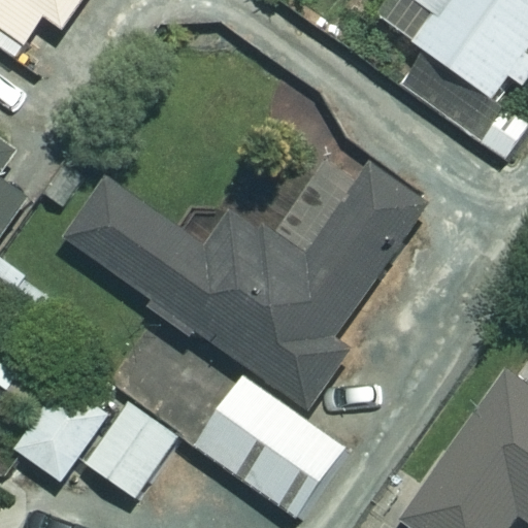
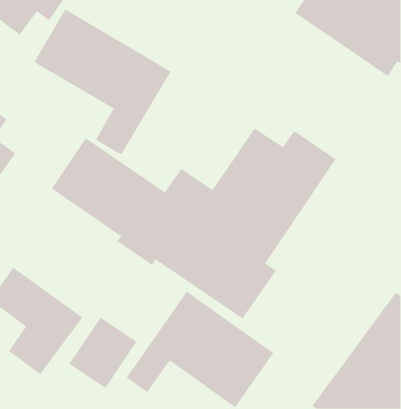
building: none -> [34,9,171,156]

